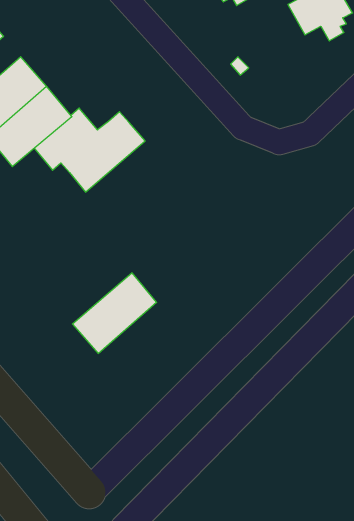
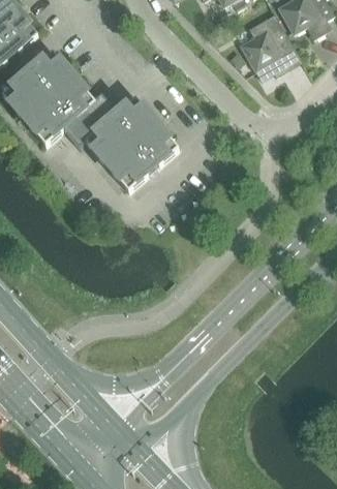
building: none -> [242,11,302,77]
building: [72,273,157,353] -> [108,120,179,188]

